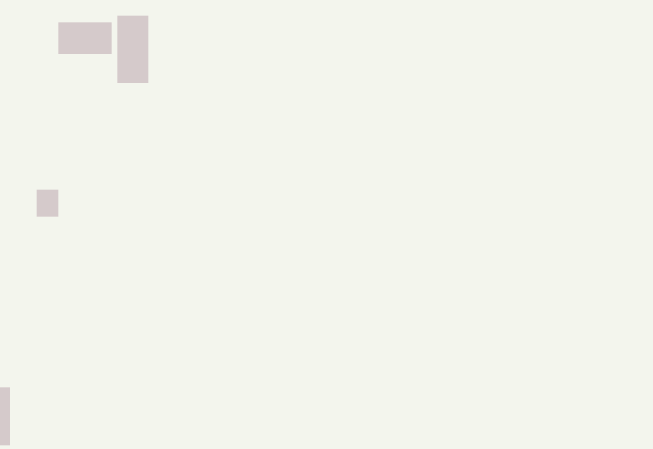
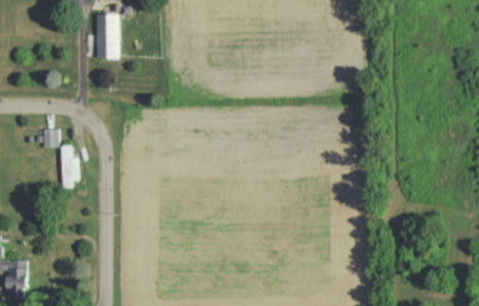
building: [58,21,112,55] -> none
building: none -> [62,147,79,185]

